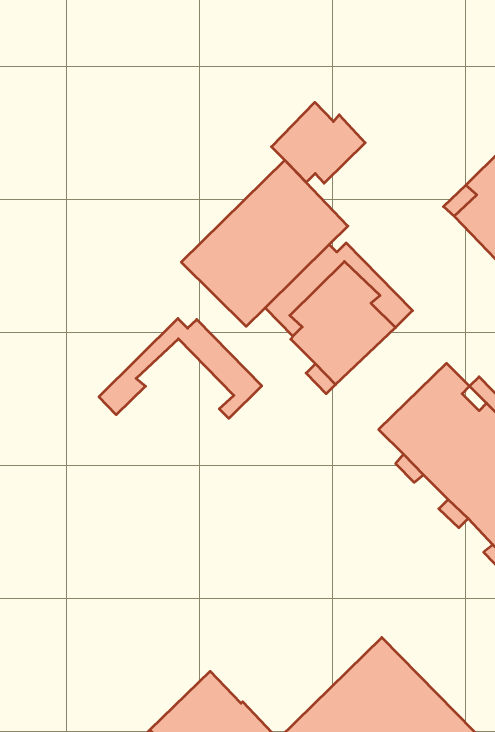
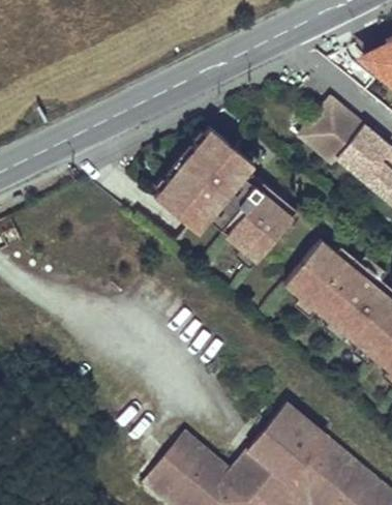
building: [271,102,365,183] -> none
building: [99,318,262,418] -> none

